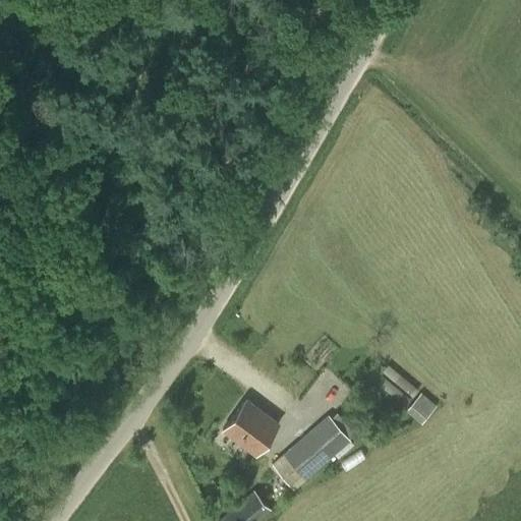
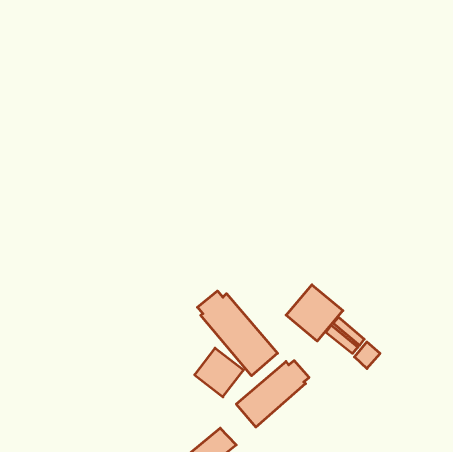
building: none -> [286,285,343,341]
building: none -> [197,291,278,376]

